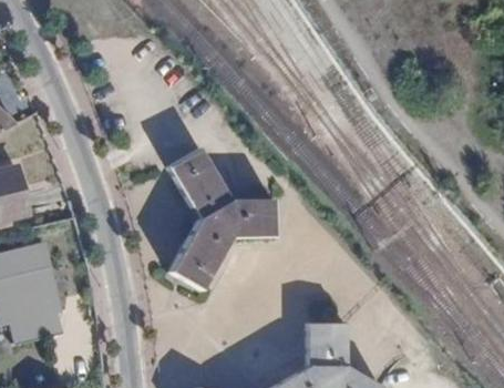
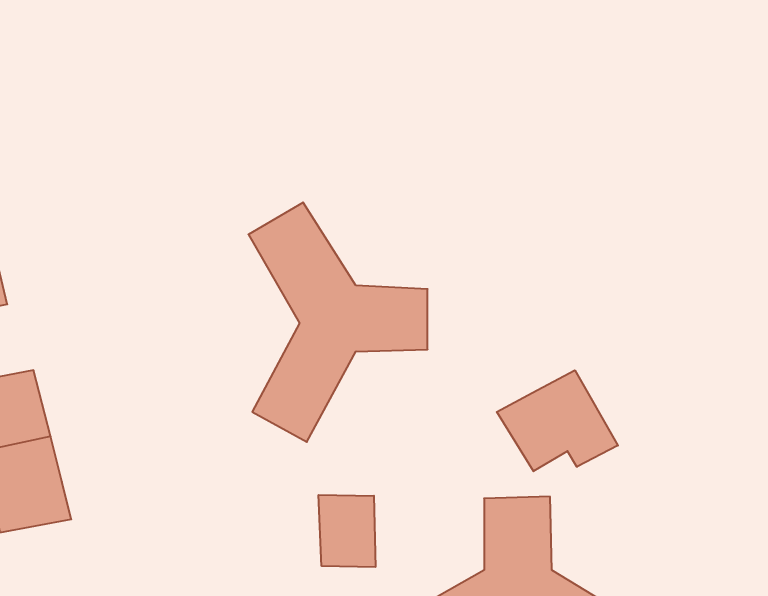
building: none -> [497,370,618,471]
building: none -> [319,495,375,567]

